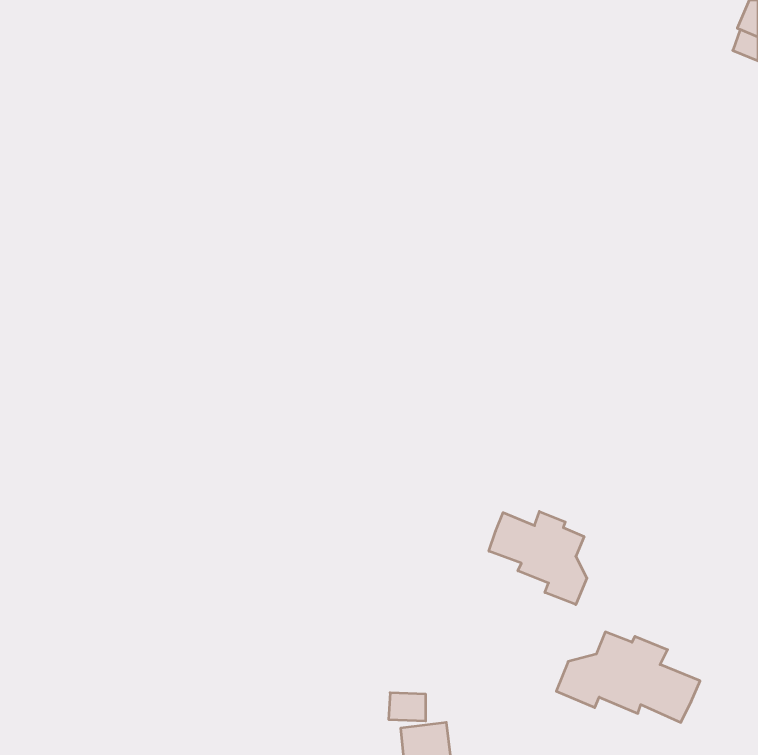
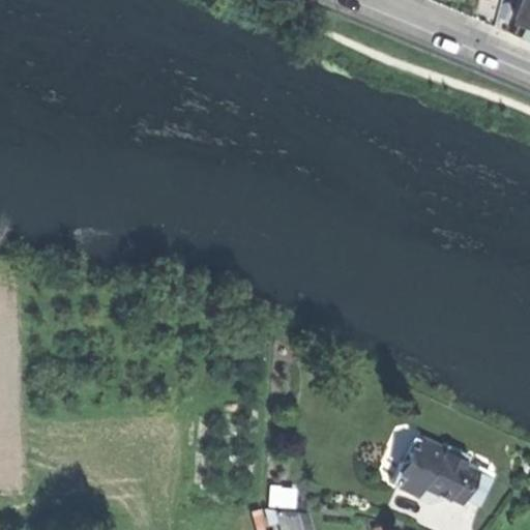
building: [489,511,587,605] -> none

